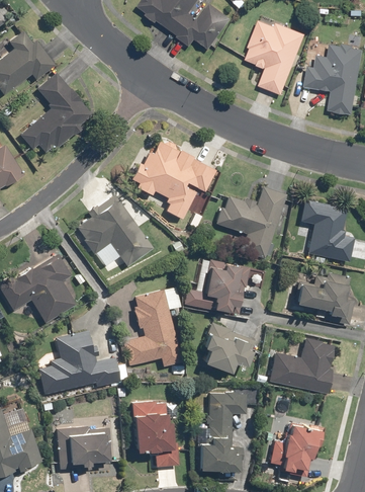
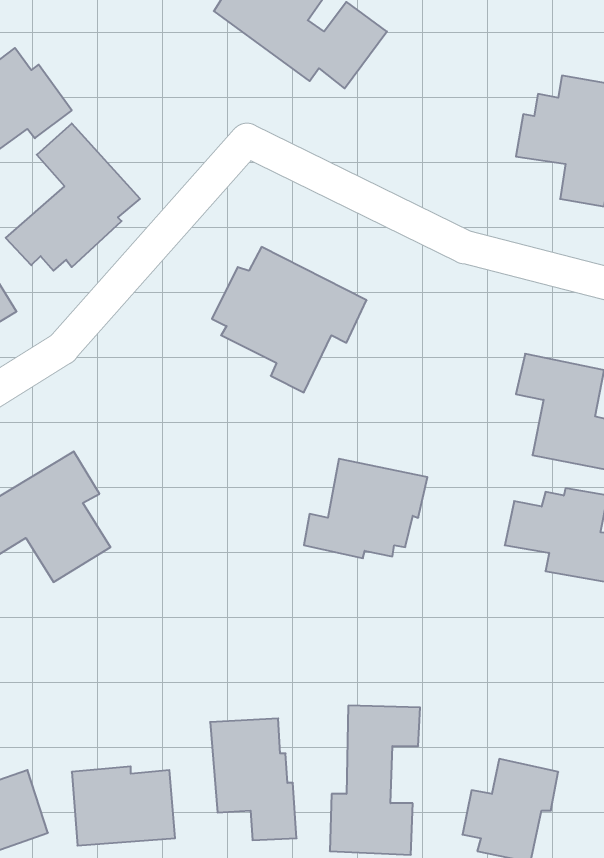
building: [240,18,302,97] -> none
building: [216,185,287,259] -> none
building: [76,193,156,267] -> none
building: [122,285,184,366] -> none
building: [203,321,259,372] -> none
building: [37,329,121,395] -> none
building: [268,337,339,394] -> none

